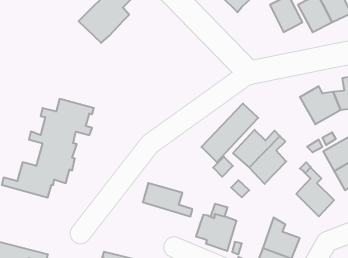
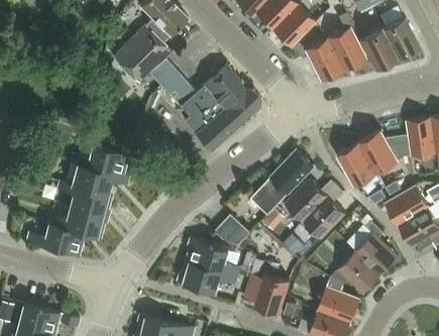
building: none -> [291,39,342,81]
building: none -> [147,57,259,149]
building: none -> [338,142,377,185]
building: none -> [215,215,249,245]
building: none -> [331,250,381,293]
building: none -> [178,259,238,293]

